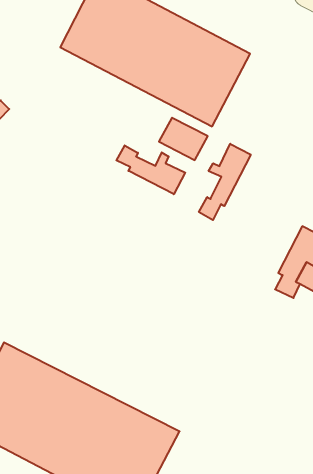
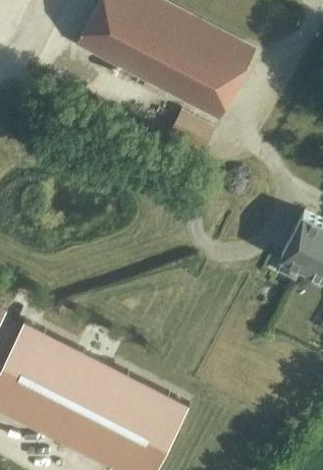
building: [199,144,251,220] -> none
building: [116,145,185,194] -> none

